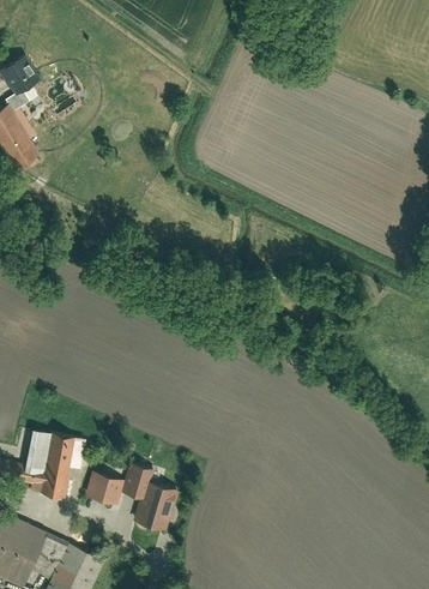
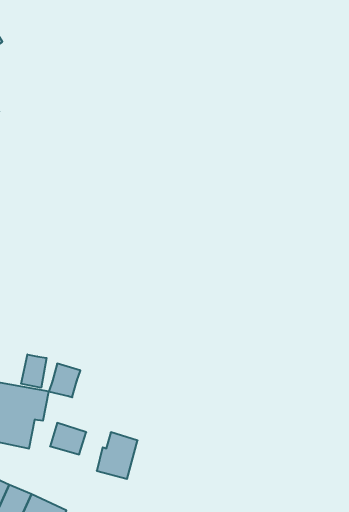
building: none -> [21,354,47,388]
building: [120,463,152,498] -> [49,364,80,397]

